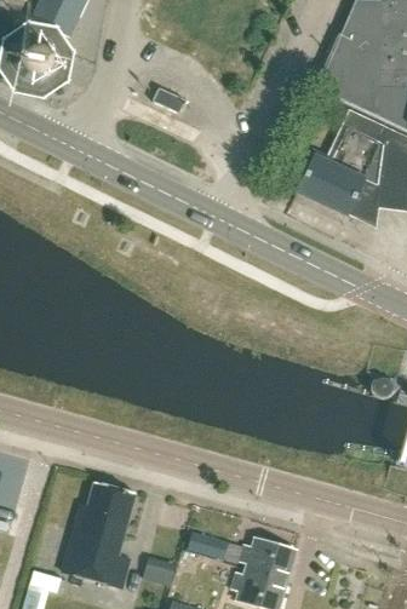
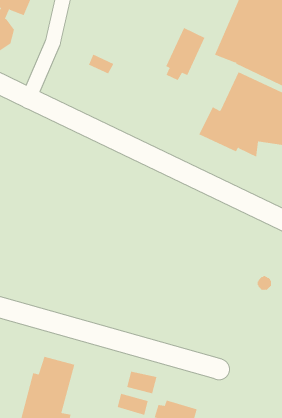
building: none -> [166,27,205,81]
building: none -> [126,371,157,394]

